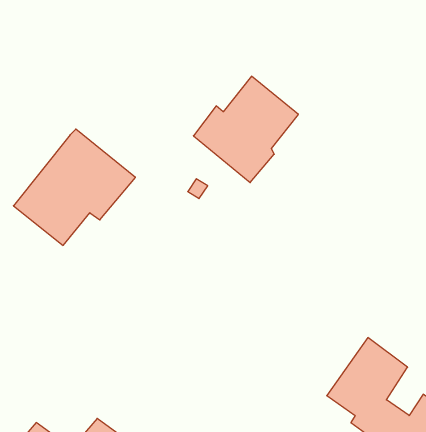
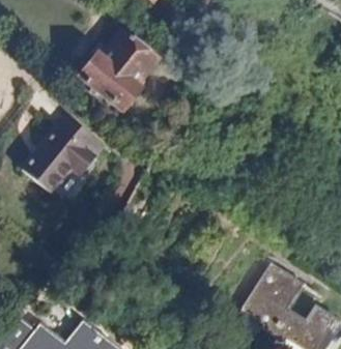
building: [193,76,298,183] -> [80,31,157,109]

